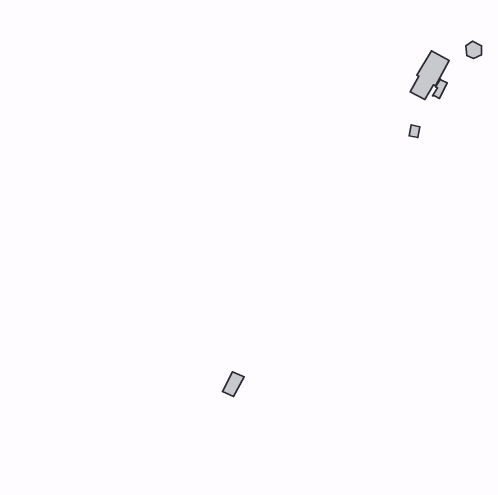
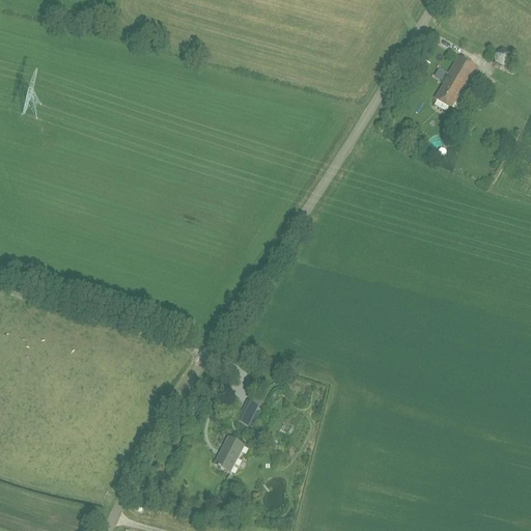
building: none -> [213,435,244,470]

